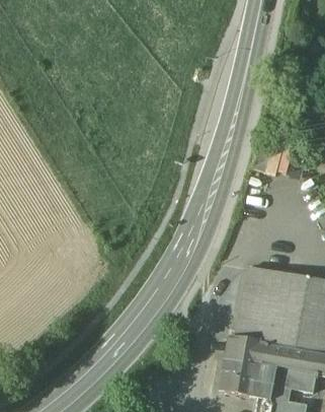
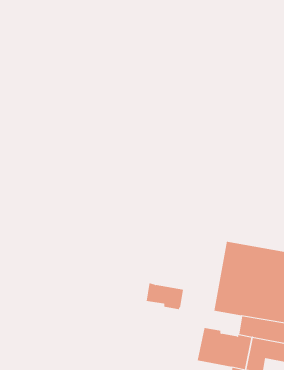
building: [226,337,265,365] -> [146,283,184,310]

